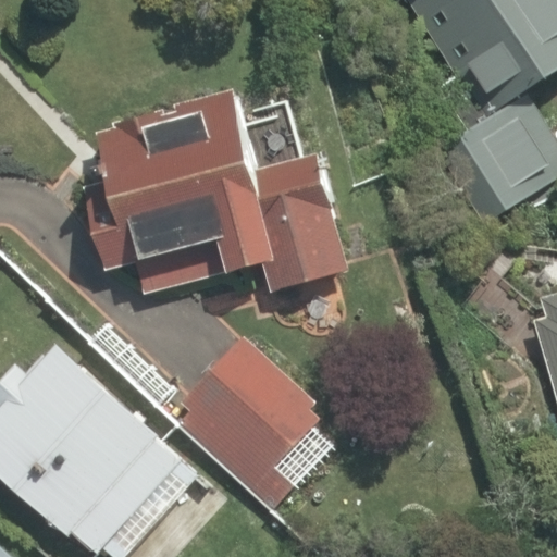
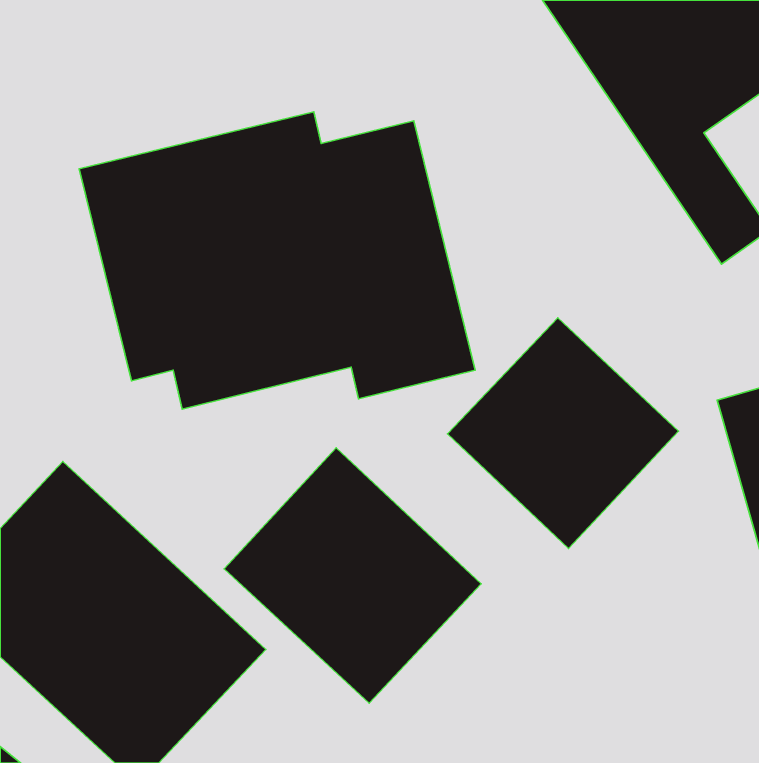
building: none -> [448,318,679,549]

